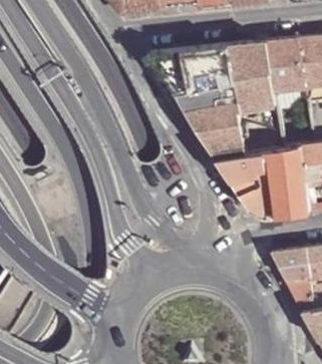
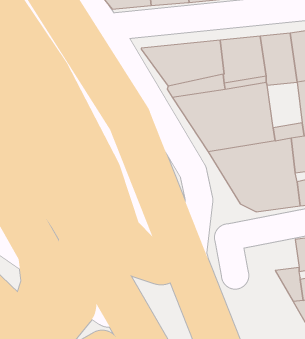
building: [271,247,309,278] -> none

